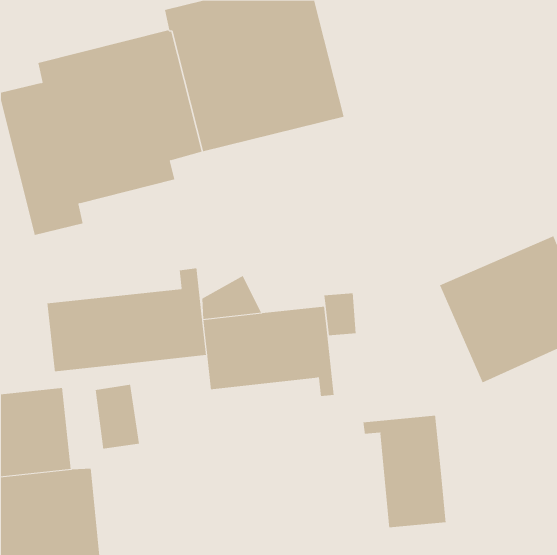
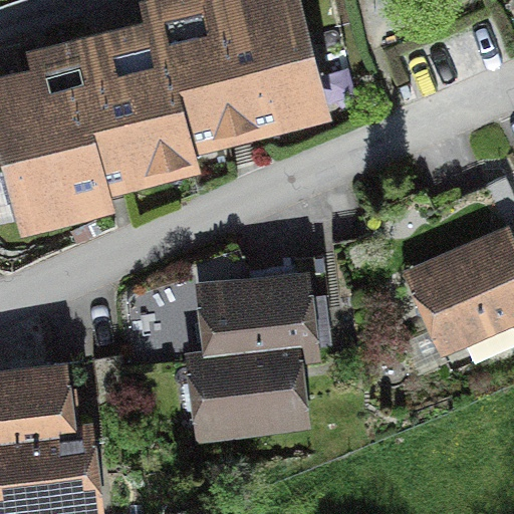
building: [47,268,206,372] -> none
building: none -> [182,351,303,448]
building: [363,415,446,528] -> none

